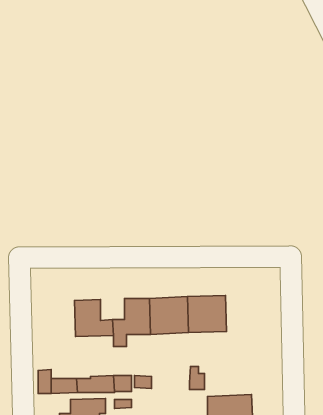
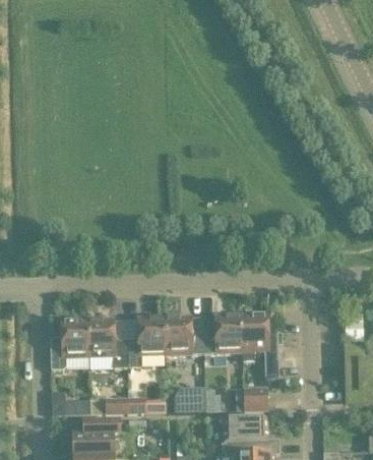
building: none -> [240,315,277,379]
building: none -> [49,322,87,370]
building: none -> [242,388,267,411]
building: none -> [173,389,203,413]

